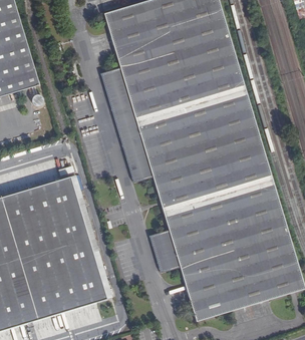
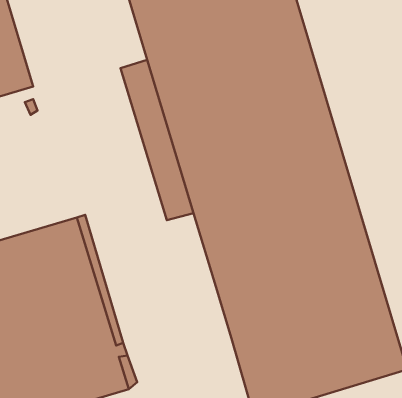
building: [148,229,180,272] -> none

